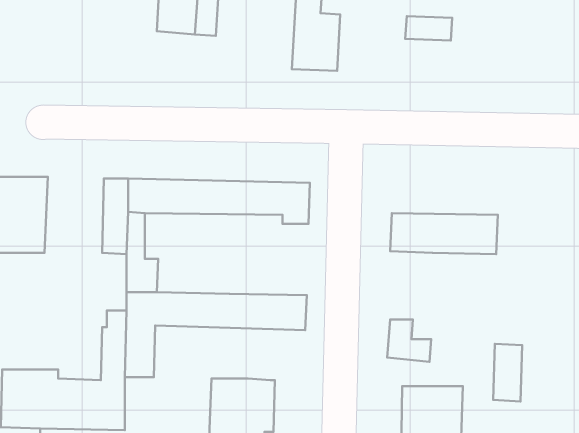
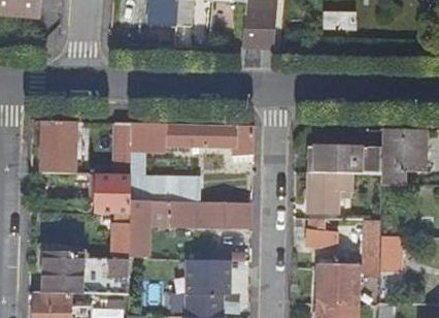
building: none -> [380,128,426,185]
building: none -> [307,172,337,212]
building: none -> [96,173,129,213]
building: none -> [149,178,199,201]
building: none -> [356,230,379,277]

